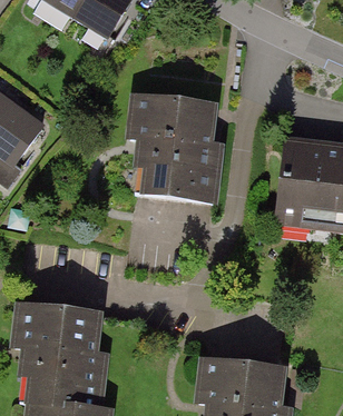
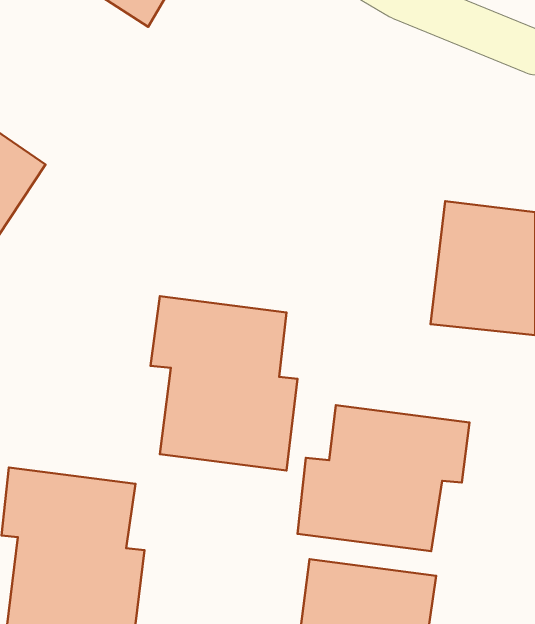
building: [130,97,219,202] -> [151,296,297,471]
building: none -> [297,405,470,551]

